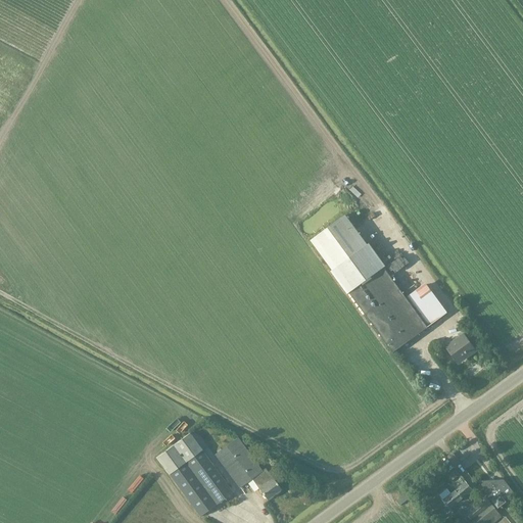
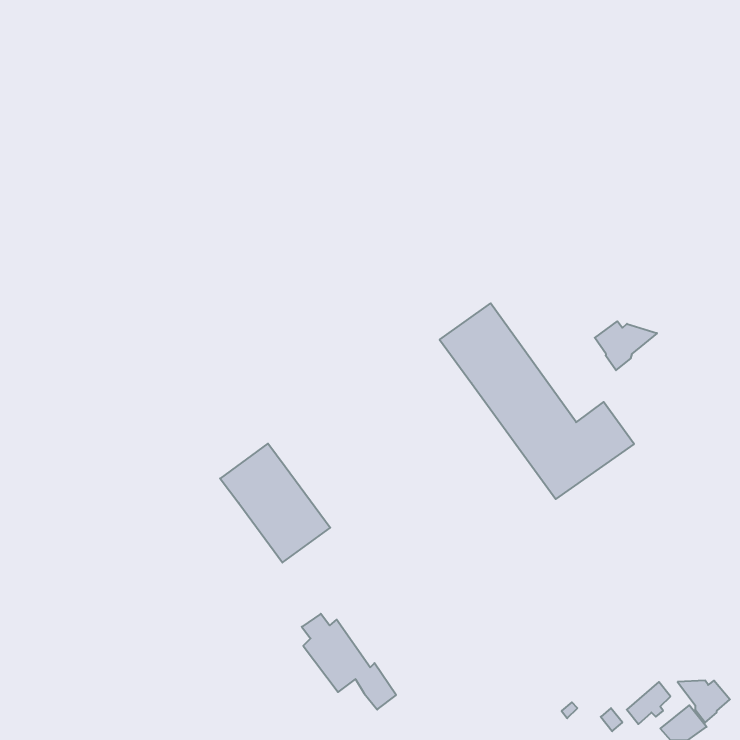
building: none -> [595,321,657,370]
building: [445,332,476,361] -> none
building: [155,432,233,516] -> [220,444,330,563]

